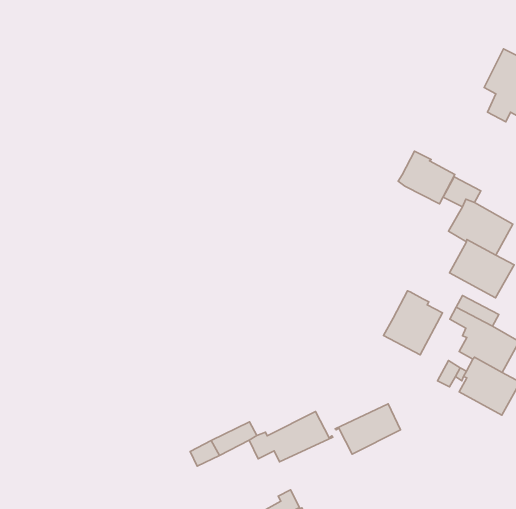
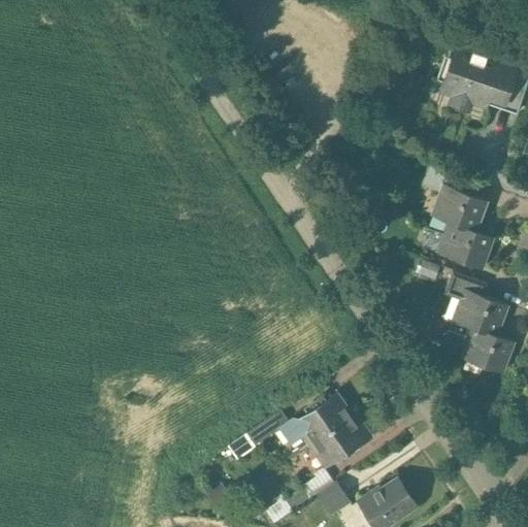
building: [398,151,455,204] -> none
building: [383,291,442,355] -> none
building: [335,404,401,454] -> [309,416,368,465]

